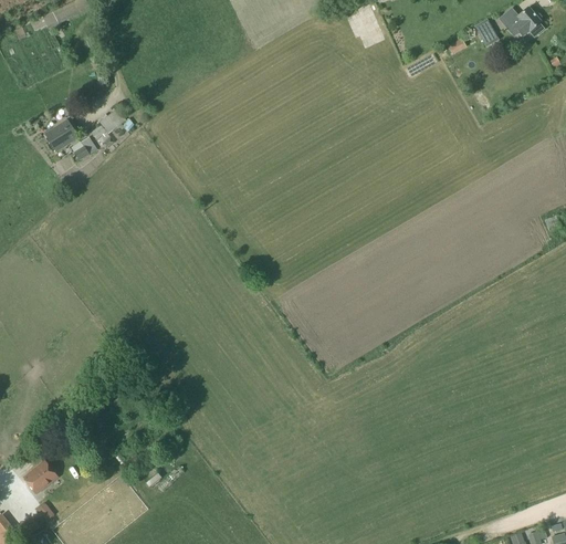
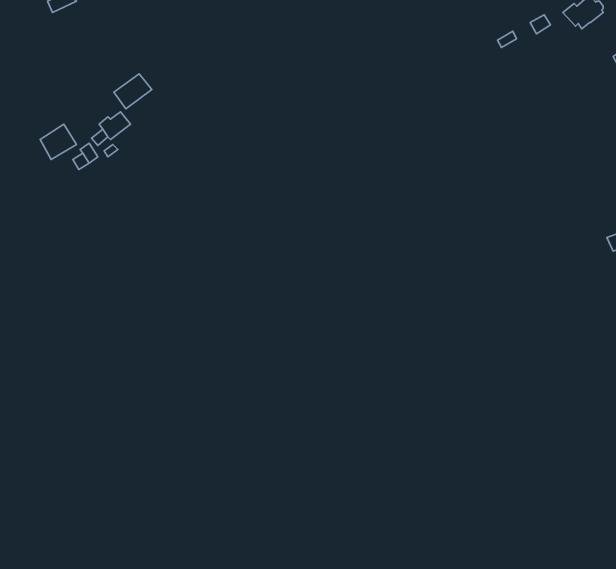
building: none -> [114,74,152,109]
building: [22,461,55,493] -> none

